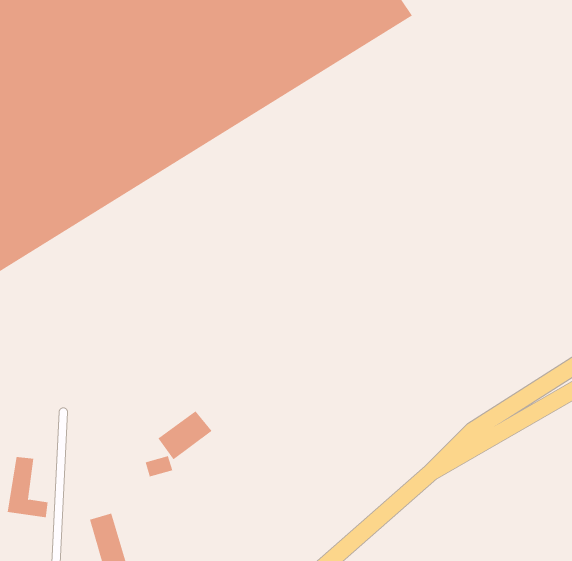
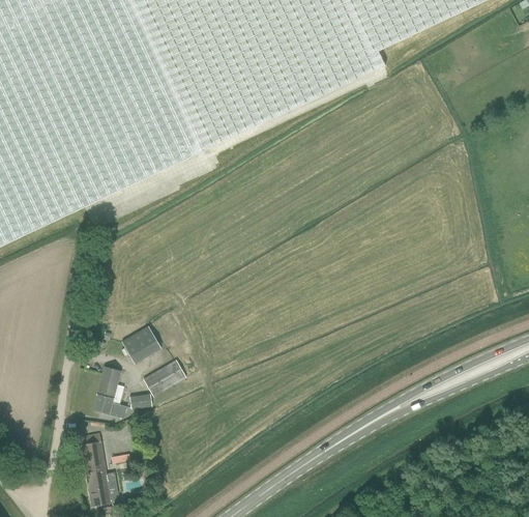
building: none -> [121,324,161,363]
building: [7,457,49,518] -> [92,367,126,419]

